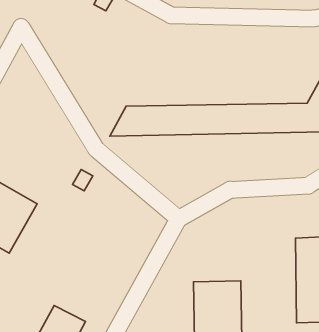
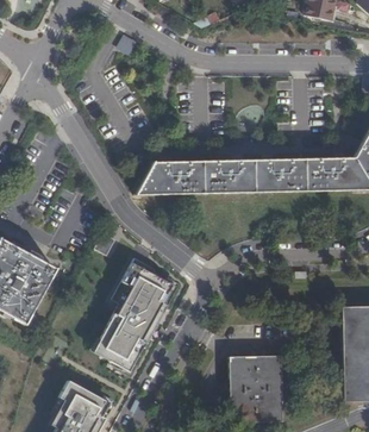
building: none -> [95,256,173,368]

